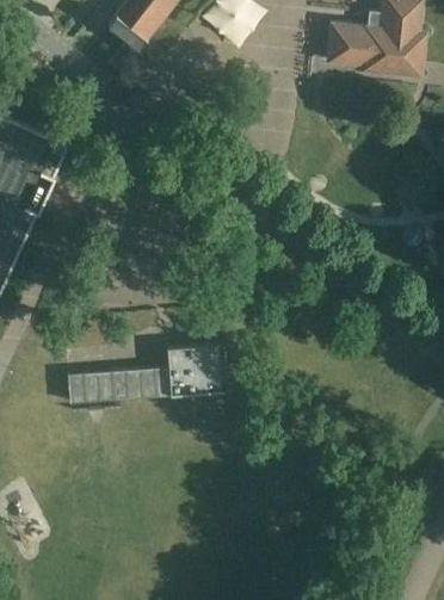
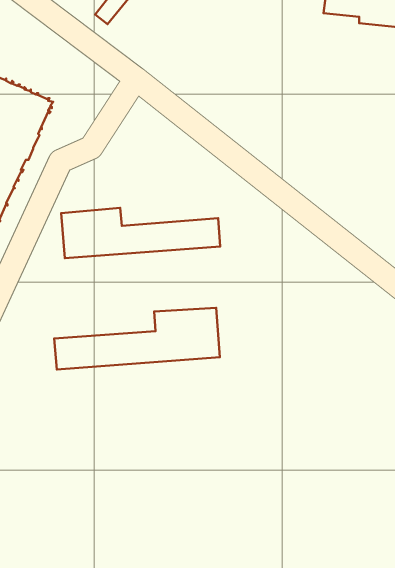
building: none -> [61,208,220,258]

